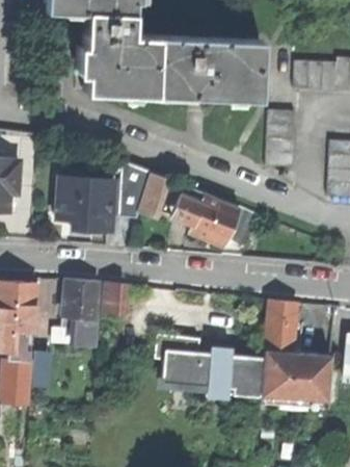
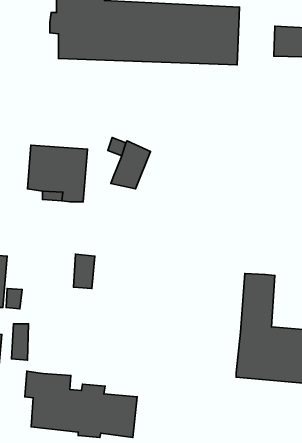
building: [267,110,296,168] -> none
building: [181,192,259,250] -> none
building: [61,279,97,347] -> none
building: [154,333,263,397] -> [25,371,137,438]

